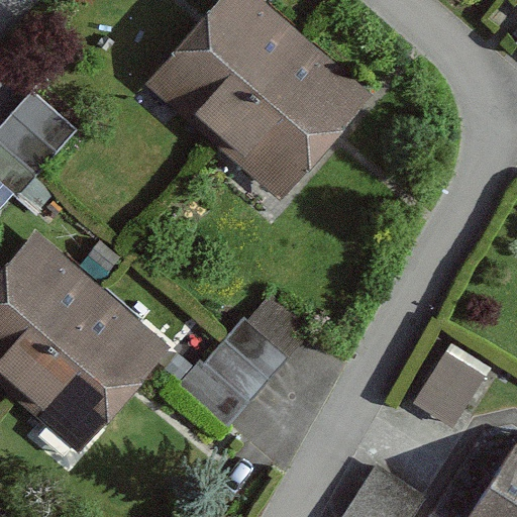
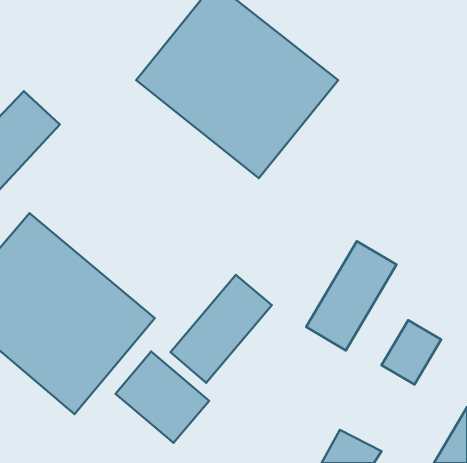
building: none -> [306,241,396,350]
building: none -> [115,352,209,443]

